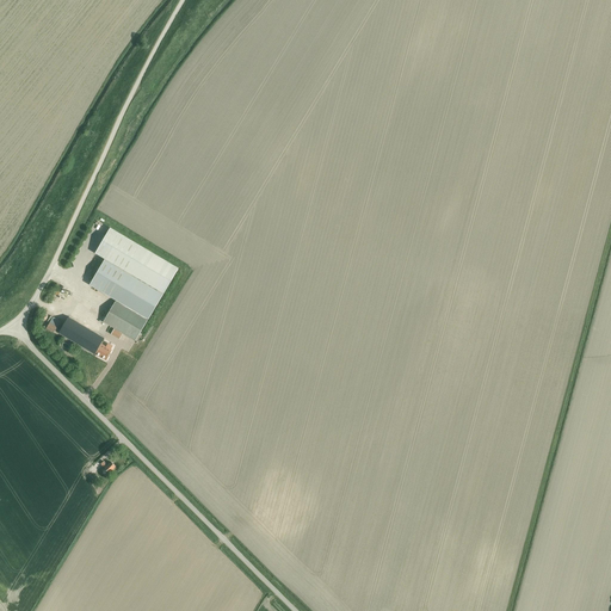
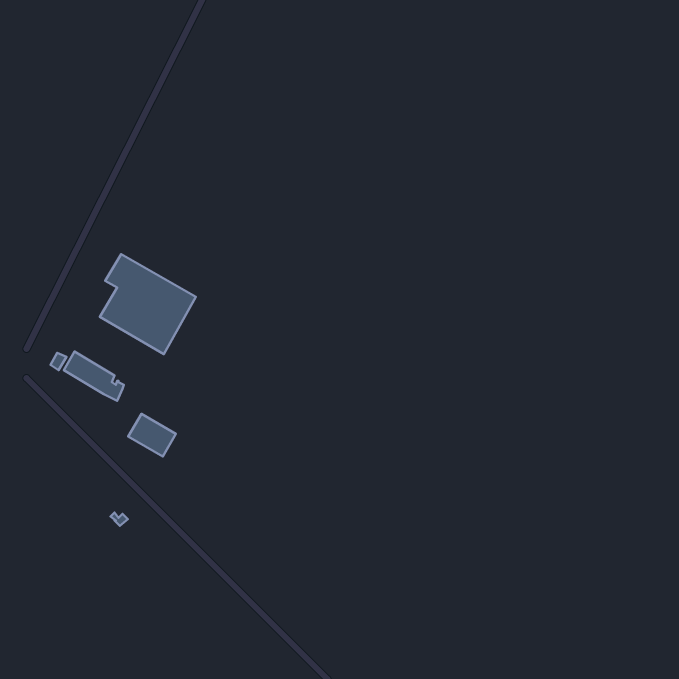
building: [103,301,146,339] -> [128,414,176,456]

